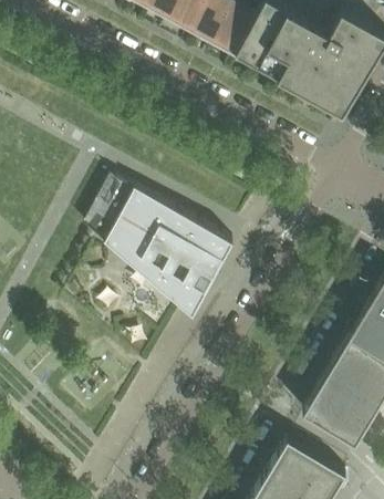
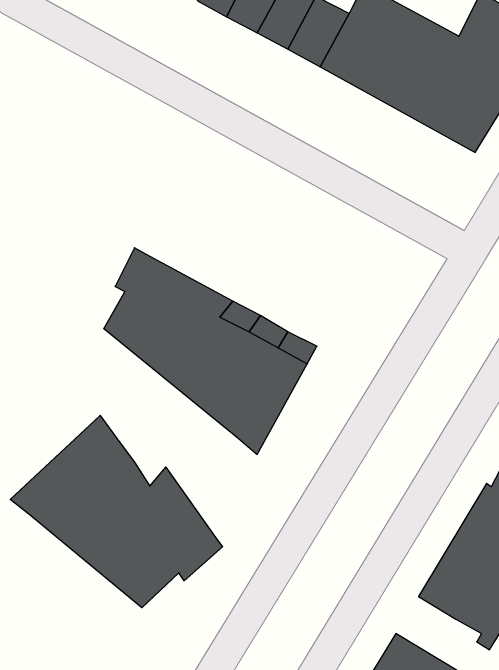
building: none -> [10,415,223,608]

